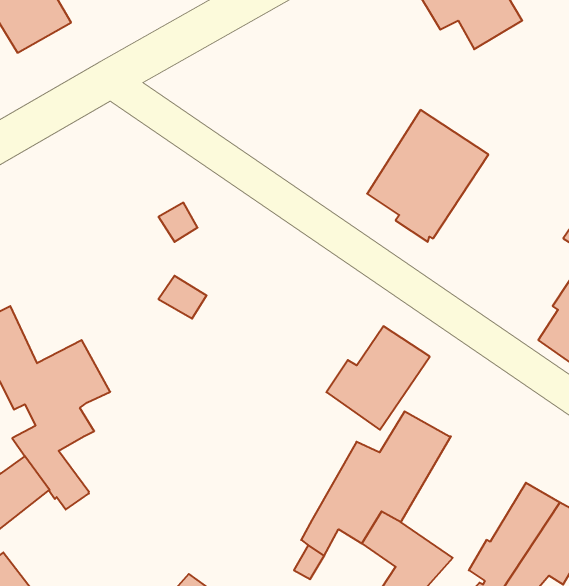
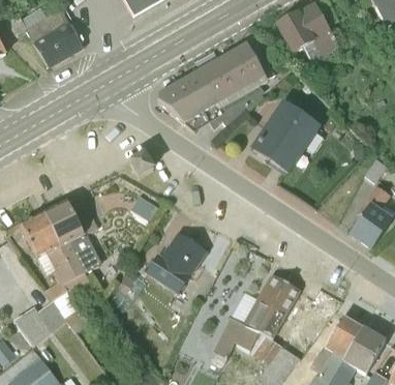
building: none -> [158,42,268,129]
building: none -> [44,198,97,245]
building: [326,326,430,430] -> [146,233,206,293]

